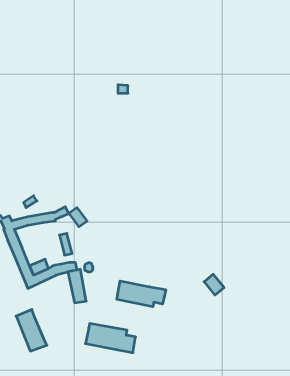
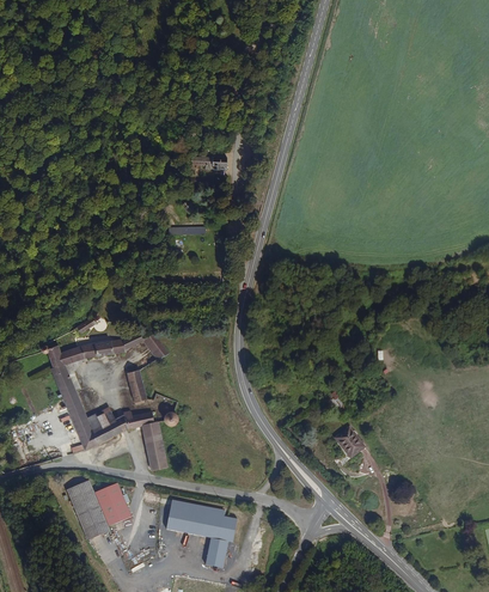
building: [117,281,166,307] -> none
building: none -> [94,483,132,526]
building: none -> [206,537,228,568]

